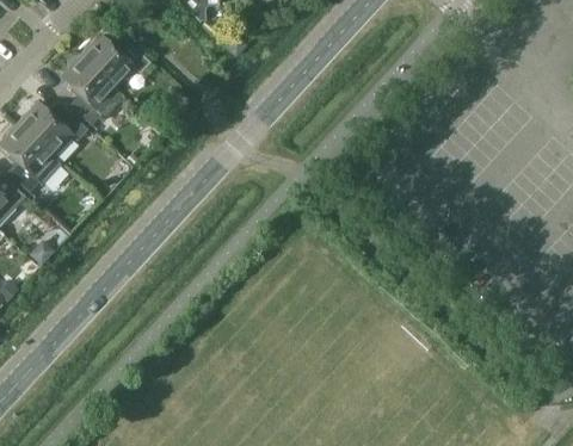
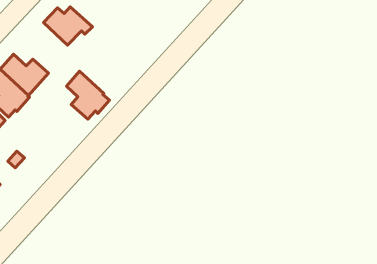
building: [61,55,123,124] -> [66,71,109,119]

